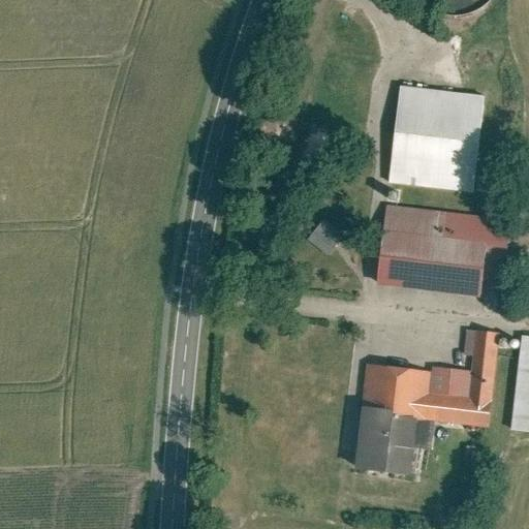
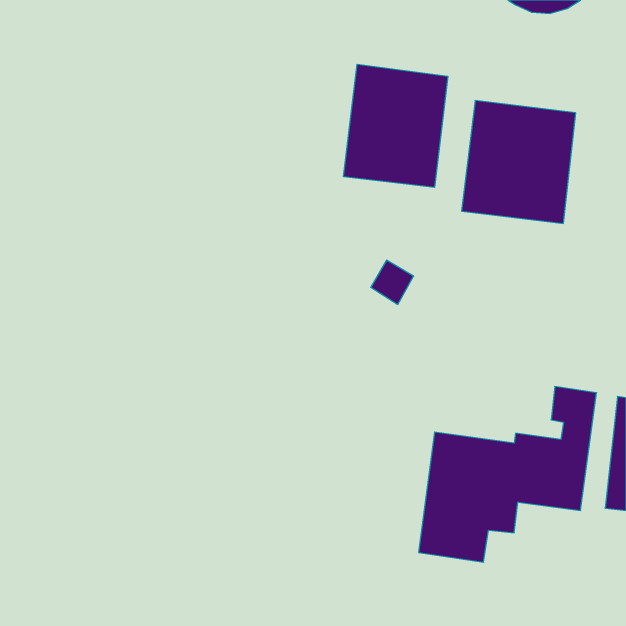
building: none -> [344,64,448,187]
building: [378,203,510,294] -> none

